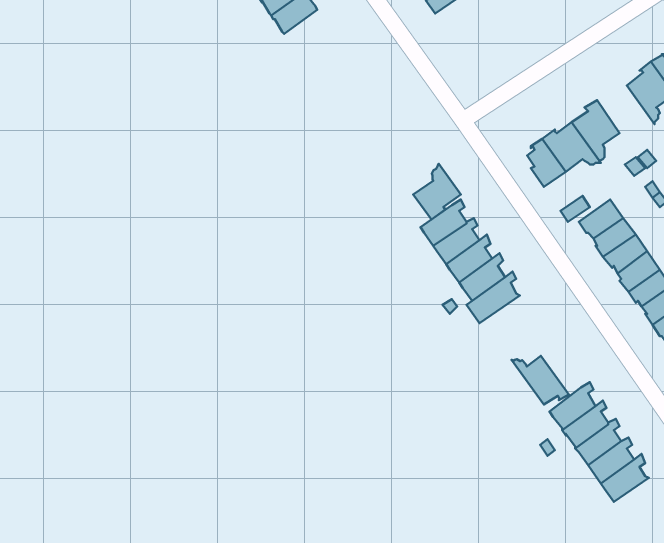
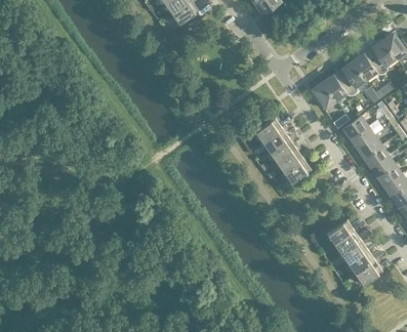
building: none -> [353,52,384,79]
building: [413,164,461,220] -> none
building: [511,356,569,405] -> none

